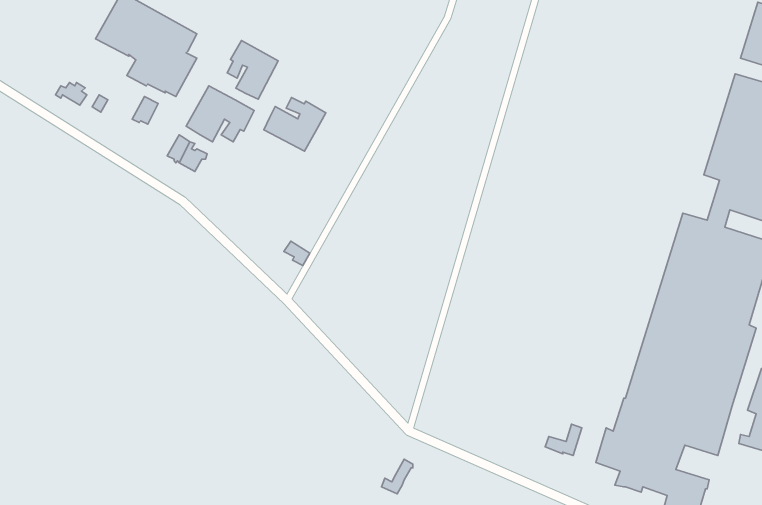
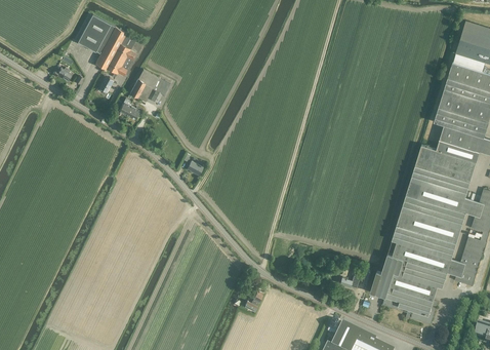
building: [227,41,278,99] -> none
building: [264,97,326,151] -> none

